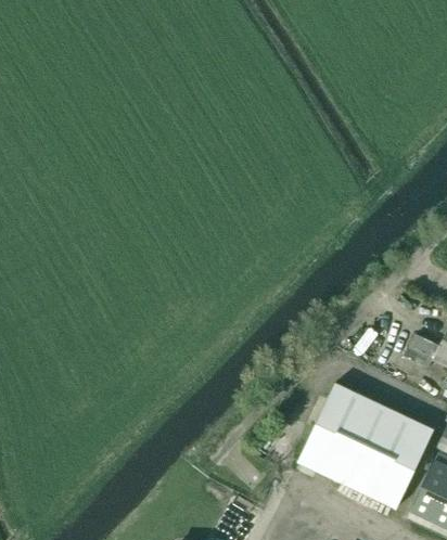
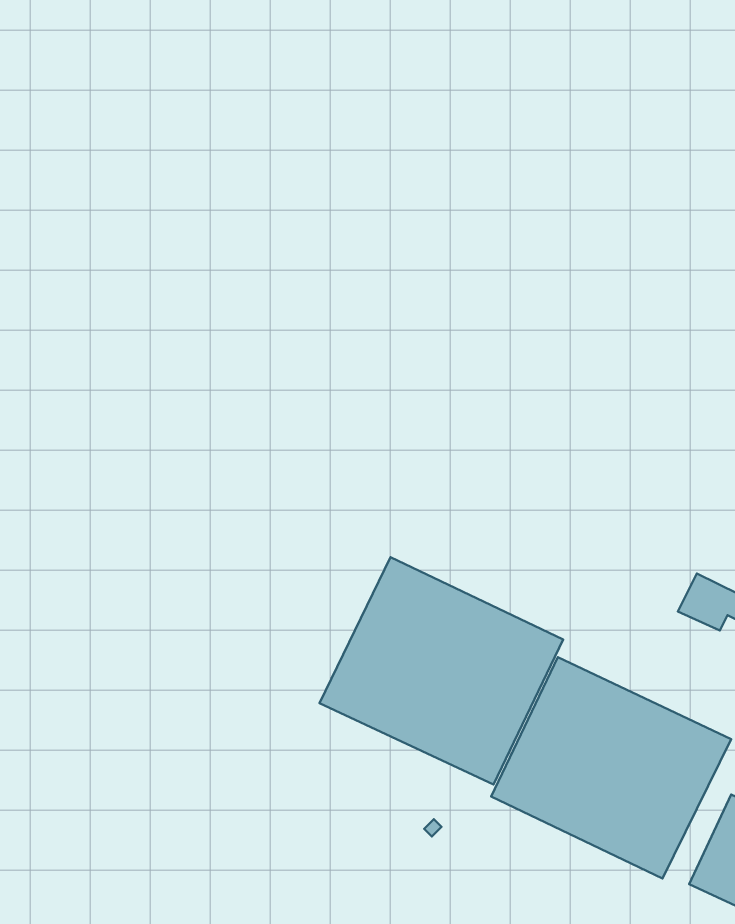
building: none -> [320,557,563,785]

